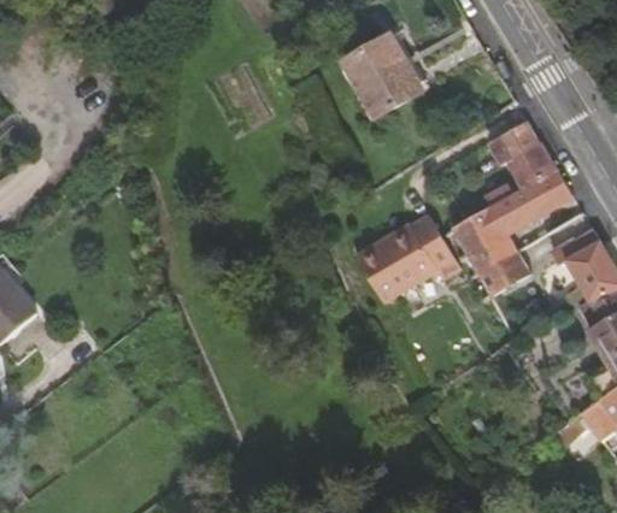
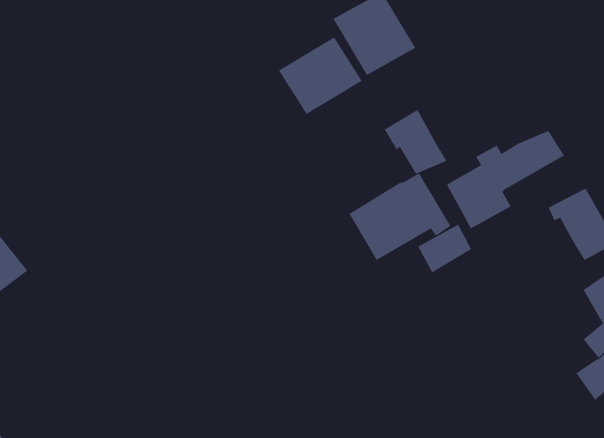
building: none -> [278,37,363,115]
building: [493,120,556,185] -> [384,109,447,174]
building: [477,248,531,297] -> [417,224,472,273]

